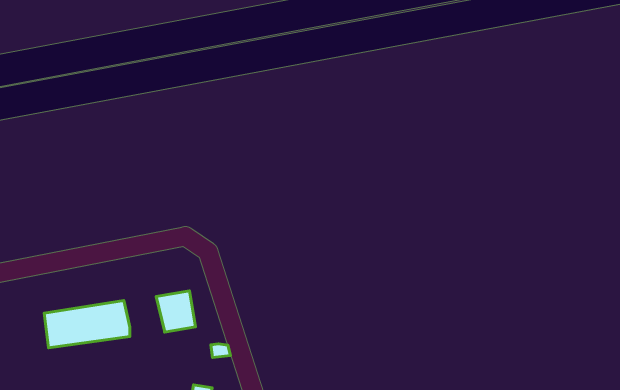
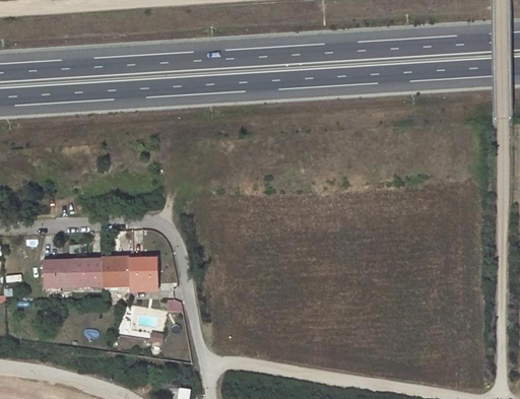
building: none -> [105,258,133,286]

